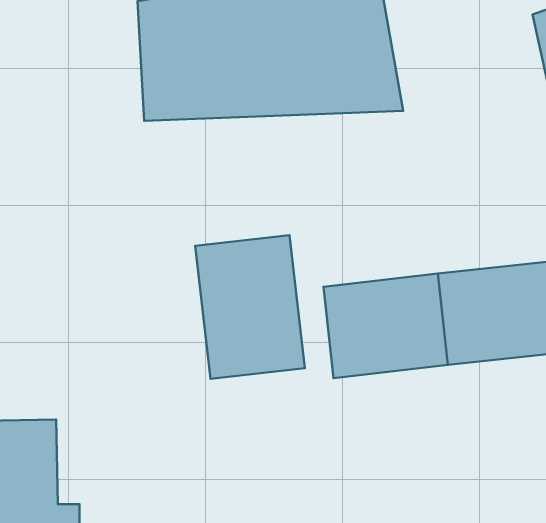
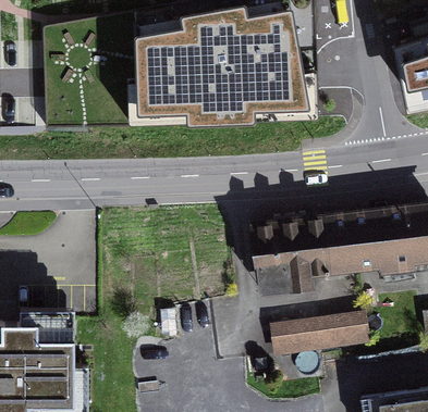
building: [195,235,305,379] -> none
building: none -> [270,314,367,352]

